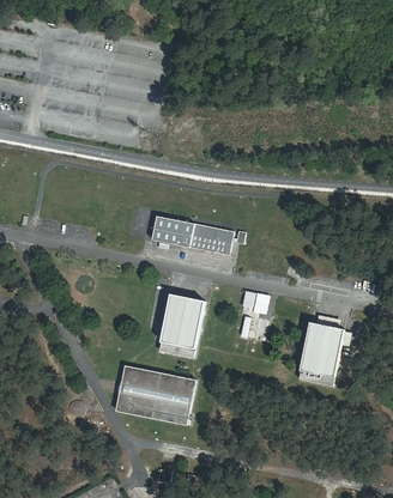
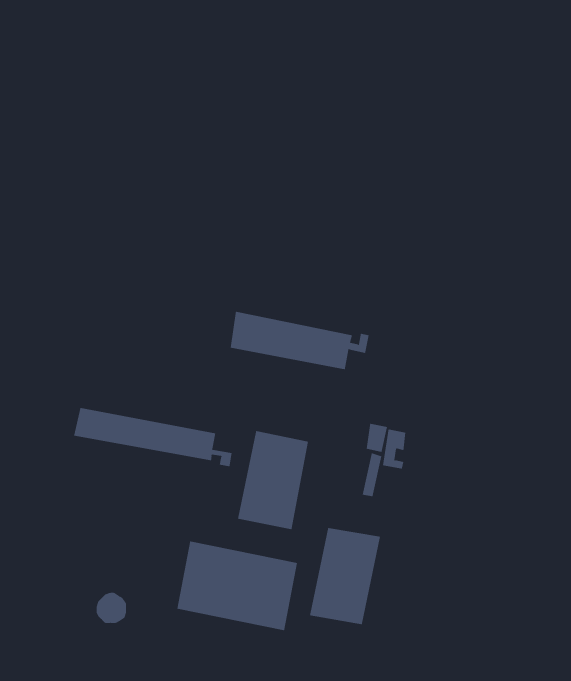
building: none -> [73,407,232,467]
building: [296,322,343,385] -> [309,527,381,625]

